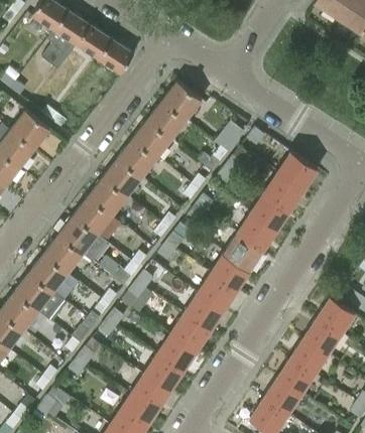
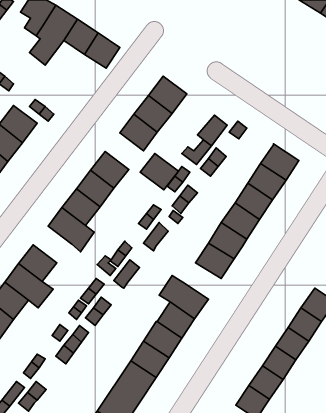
building: [118,140,157,177] -> [140,154,179,190]
building: [44,236,84,273] -> none
building: [198,273,237,310] -> none

